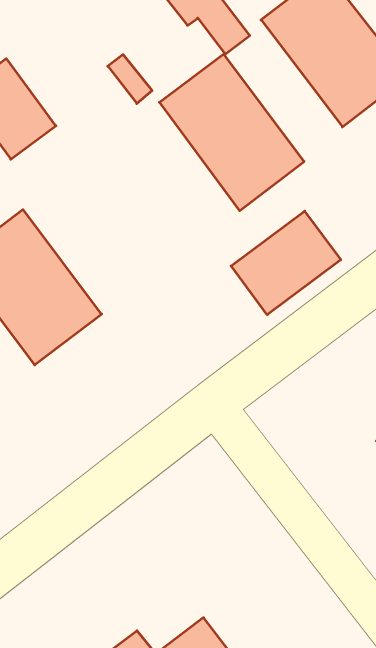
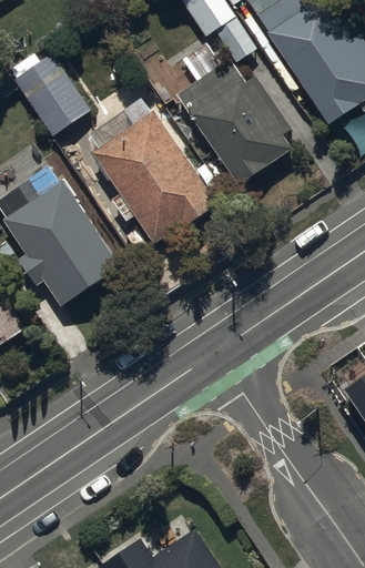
building: none -> [92,115,216,250]
building: [231,211,341,315] -> none

